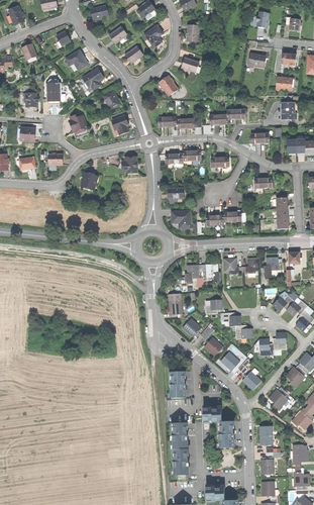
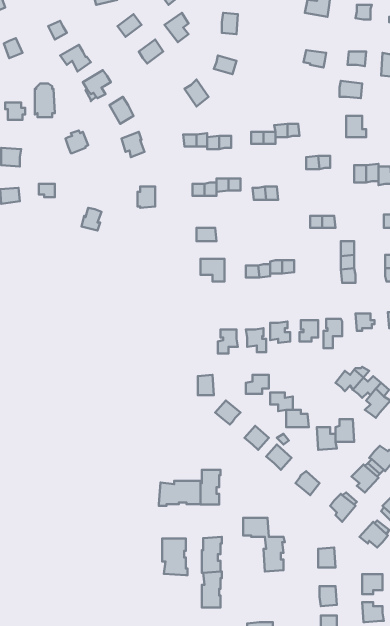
building: none -> [159,481,201,506]
building: none -> [162,538,187,575]

